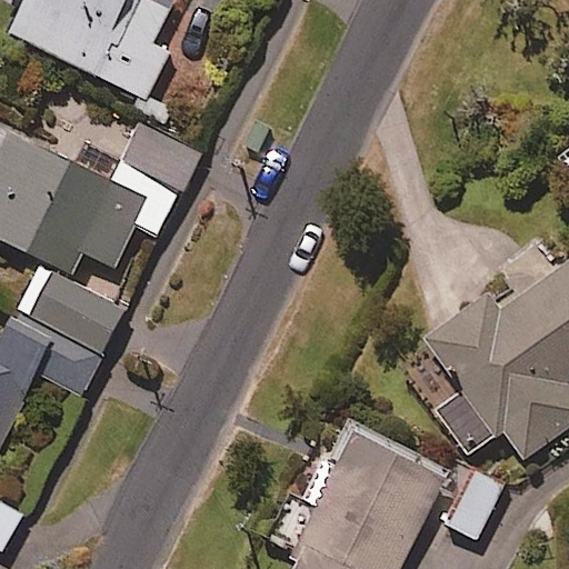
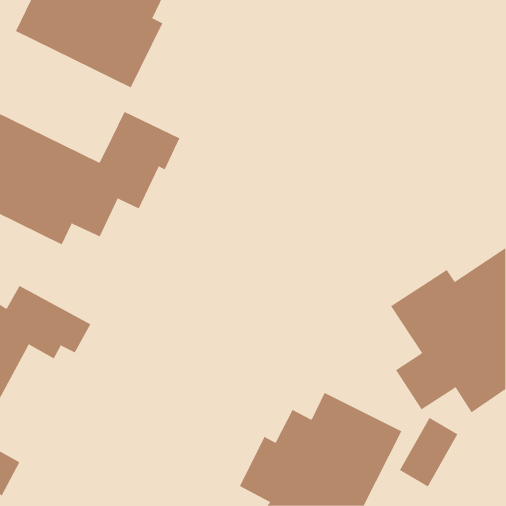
building: [22,268,123,351] -> none

